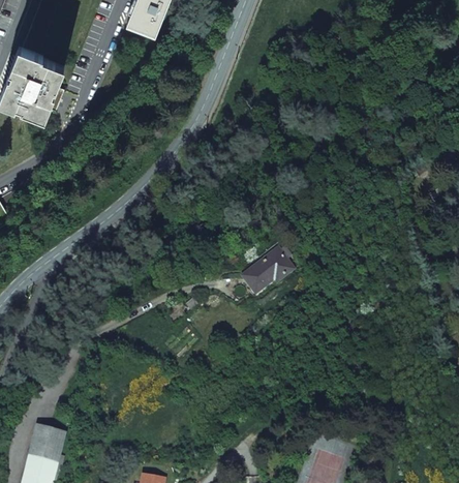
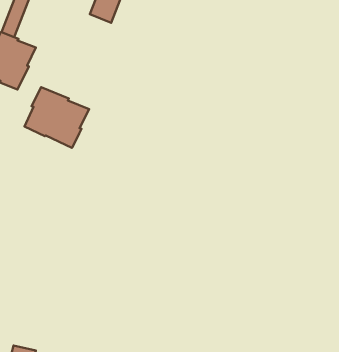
building: none -> [24,87,89,148]
building: [243,249,293,293] -> none

